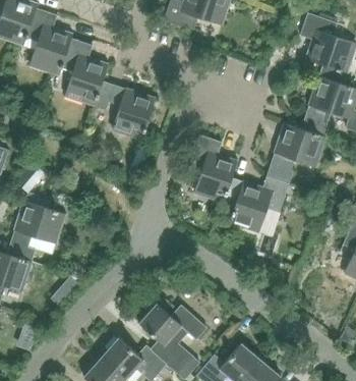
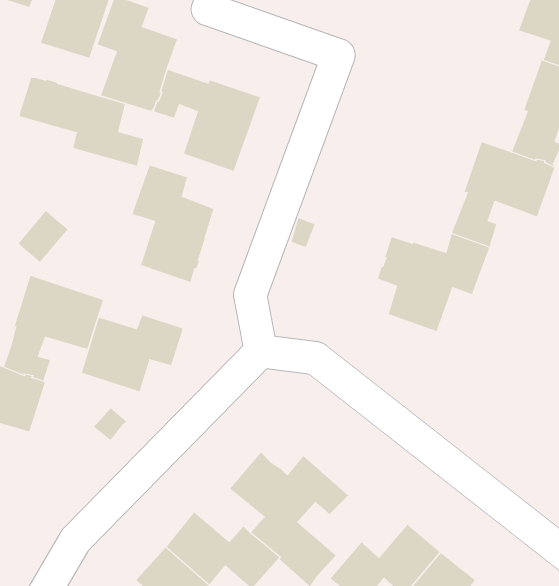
building: none -> [19,76,144,167]
building: [188,134,236,203] -> [131,165,214,283]
building: none -> [81,314,183,392]

